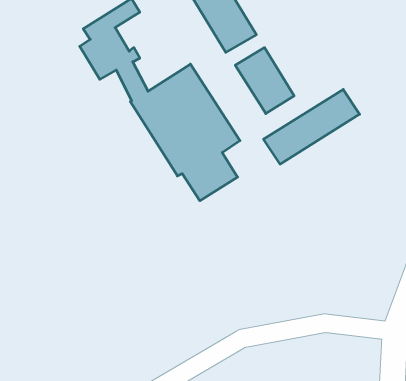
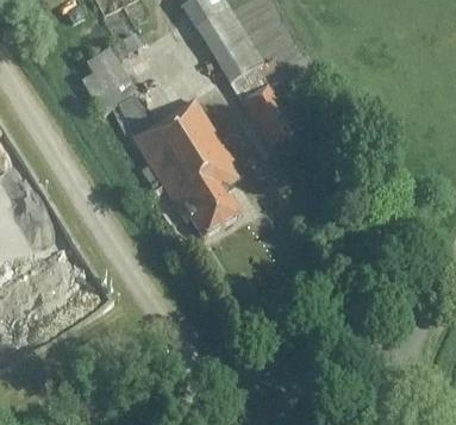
building: [264,89,360,164] -> none

